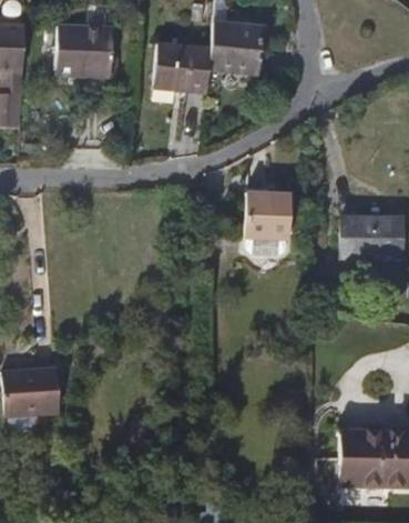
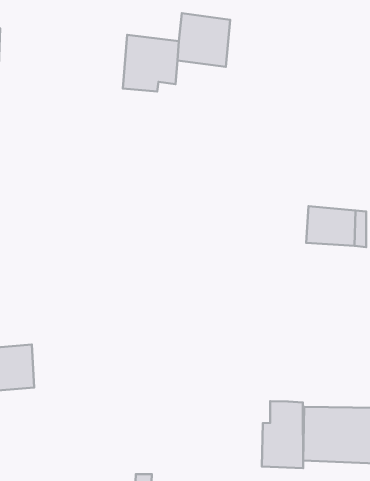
building: [53,19,111,74] -> none
building: [244,192,292,240] -> none
building: none -> [262,401,303,468]

